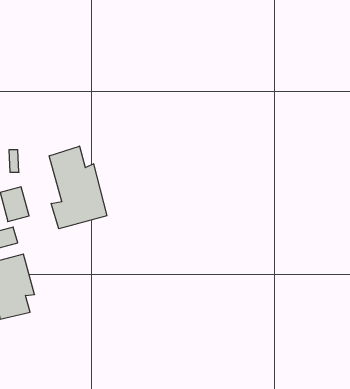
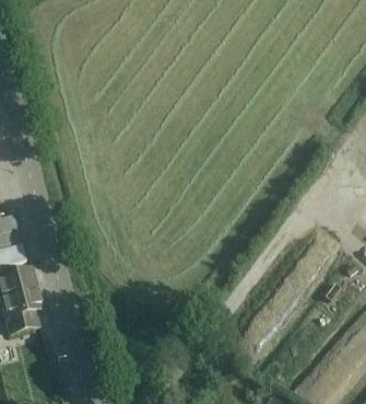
building: [49,146,107,229] -> none

